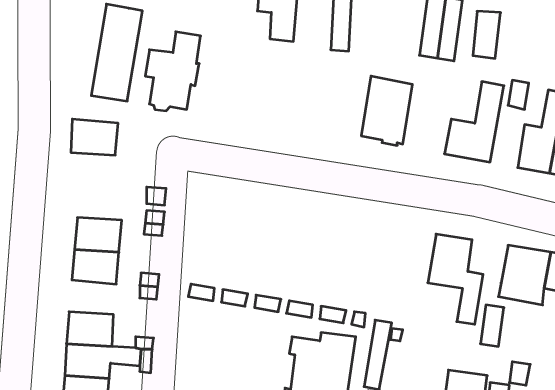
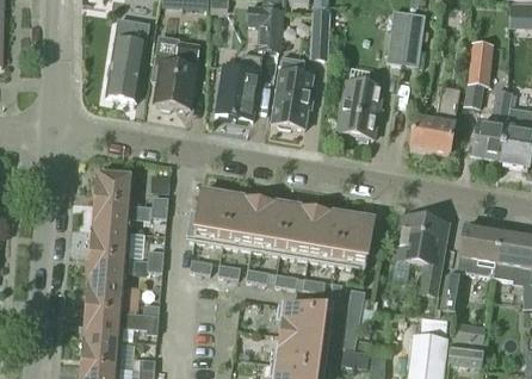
building: [473,11,501,58] -> [468,43,491,83]
building: none -> [215,51,261,118]
building: none -> [271,55,313,126]
building: [71,119,118,155] -> [93,172,134,203]
building: none -> [186,187,372,267]
building: none -> [86,254,126,284]

